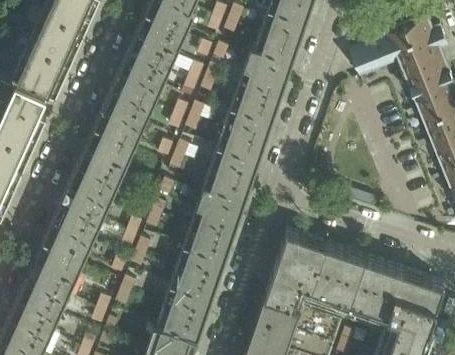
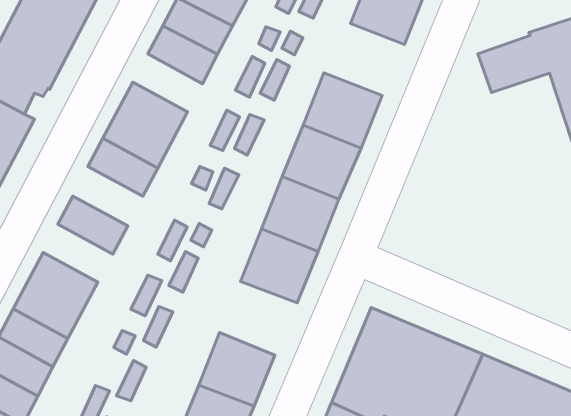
building: [243,37,297,85] -> none
building: [112,67,160,105] -> none
building: [76,147,124,186] -> none
building: [58,188,106,226] -> none
building: [183,219,235,268] -> none

